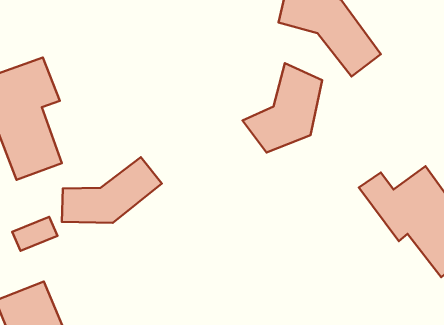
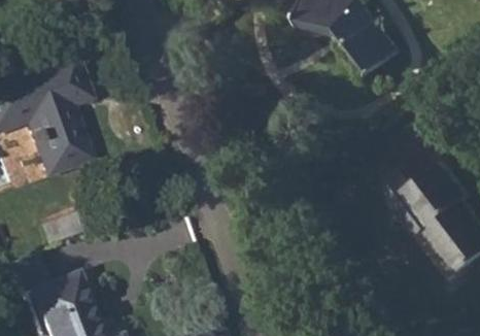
building: [242,63,322,153] -> none
building: [62,157,162,223] -> none

